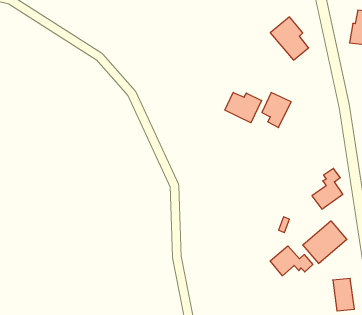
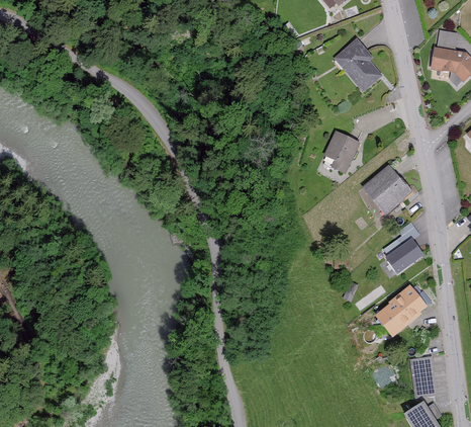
building: [225,92,262,123] -> none
building: none -> [361,165,410,215]
building: [270,246,313,276] -> none

